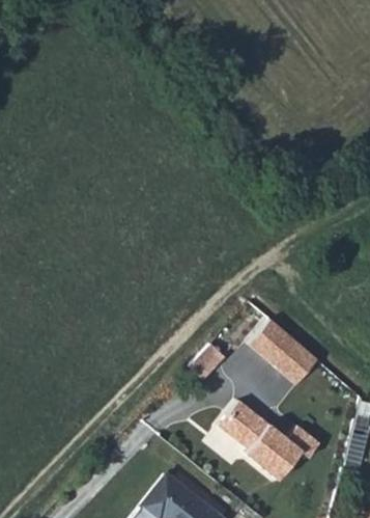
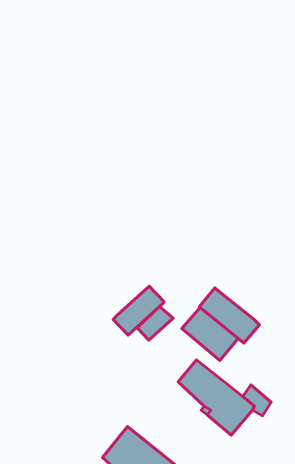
building: none -> [113,286,164,335]

